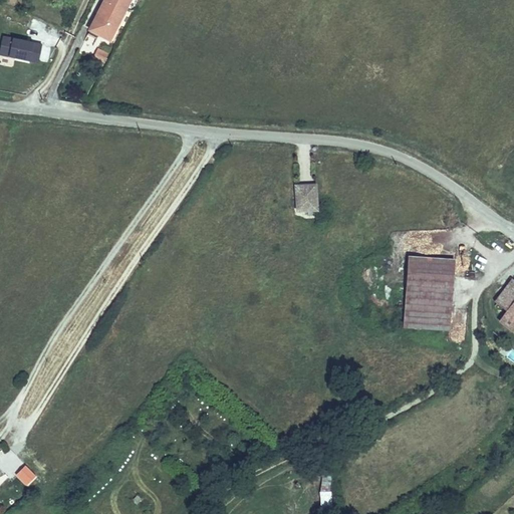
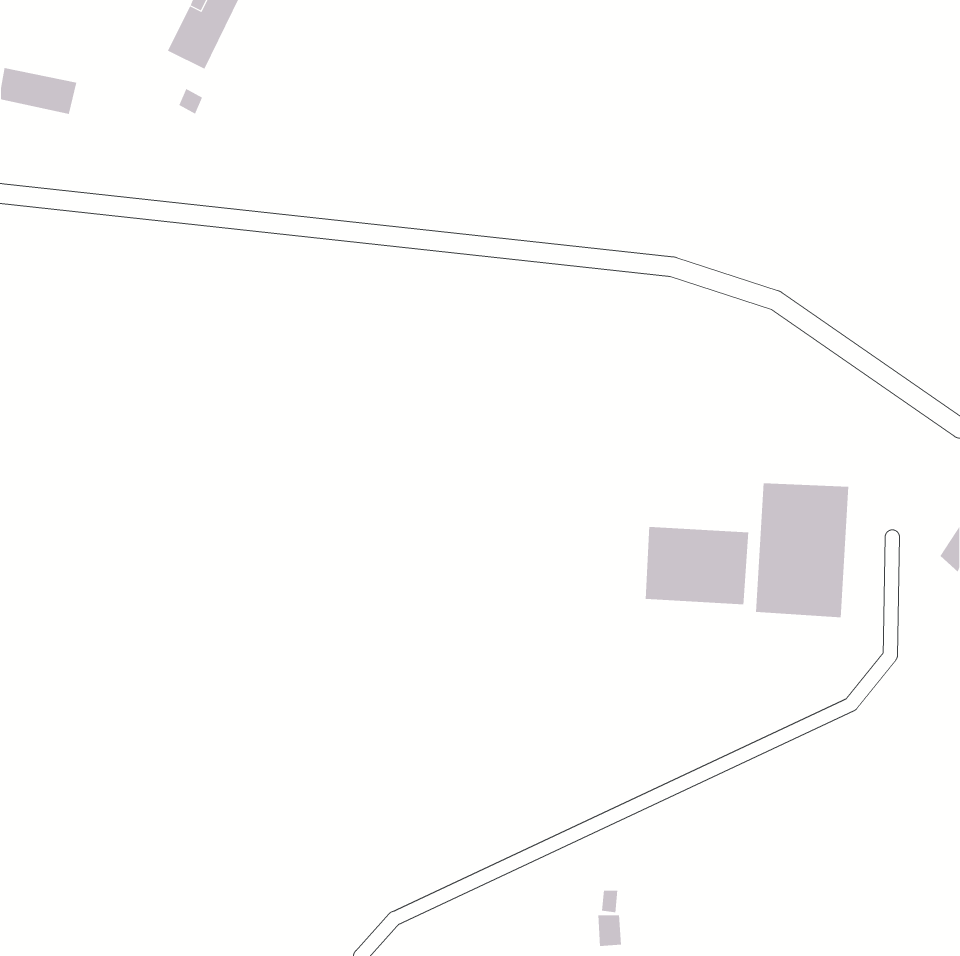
building: [293,183,317,212] -> none
building: none -> [645,526,749,605]

